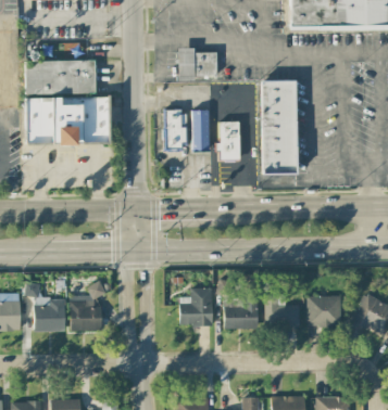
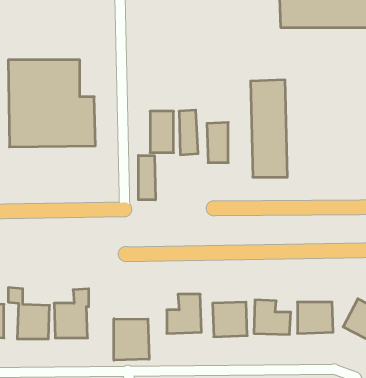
building: [178,47,217,77] -> none
building: none -> [138,155,155,200]
building: none -> [114,319,149,360]

